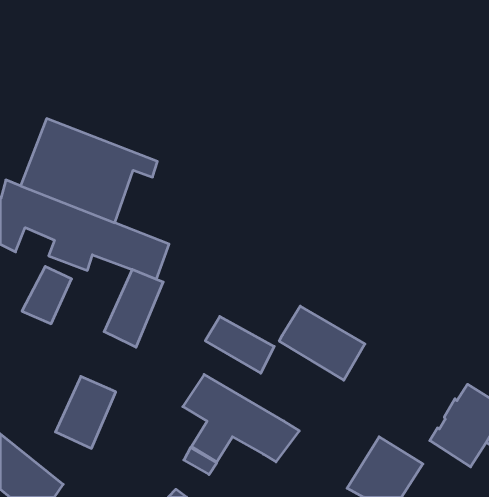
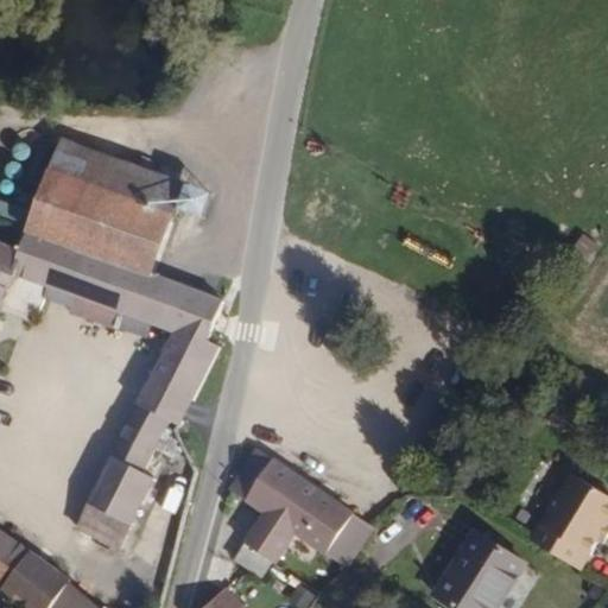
building: [22,266,72,324] -> [108,405,169,475]
building: [279,306,365,380] -> none
building: [205,316,274,373] -> none

